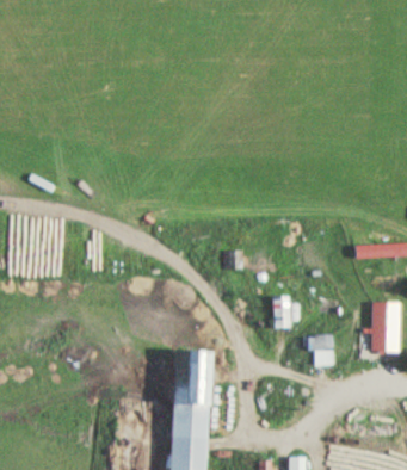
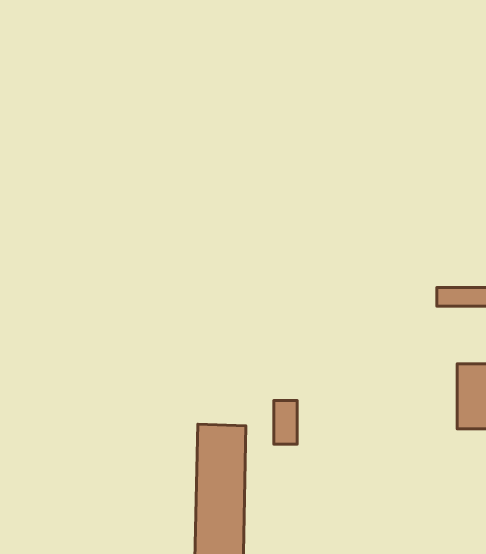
building: [273,296,291,329] -> [274,401,297,444]
building: [310,335,334,367] -> none

